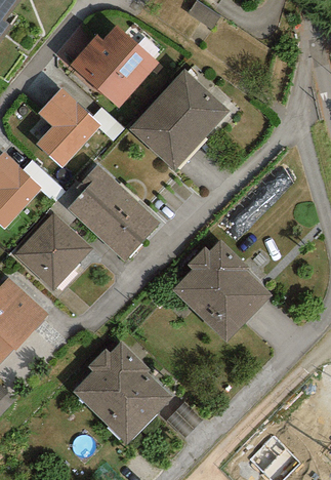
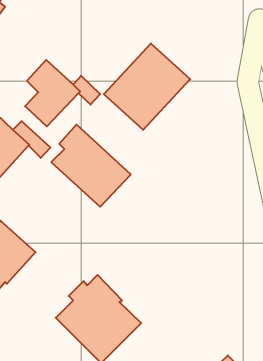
building: [70,25,159,108] -> none
building: [13,212,92,291] -> none
building: [172,239,272,342] -> none

